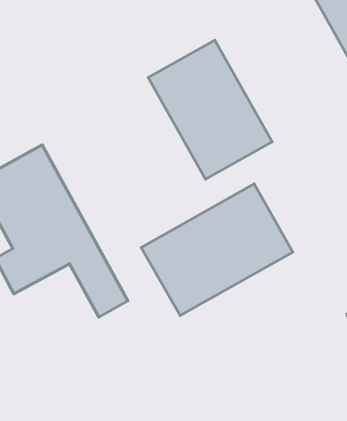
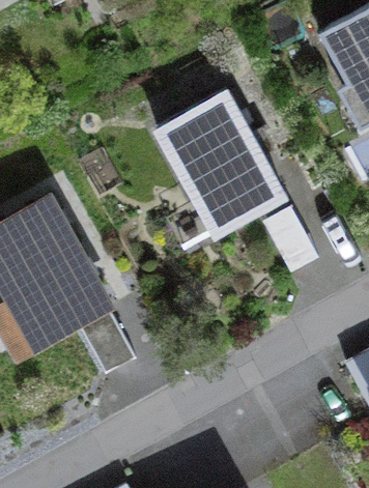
building: [141,184,293,316] -> none

